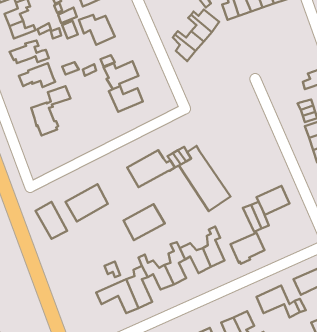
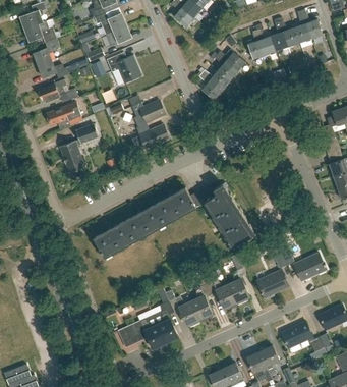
building: [257,186,290,215] -> [294,253,327,281]
building: [35,202,67,239] -> none
building: [123,204,165,240] -> [125,205,166,240]

